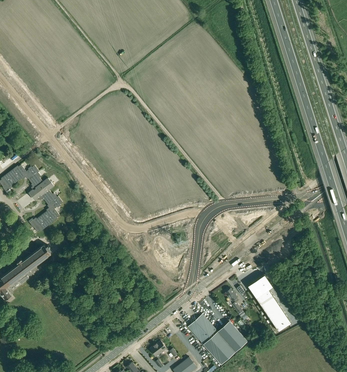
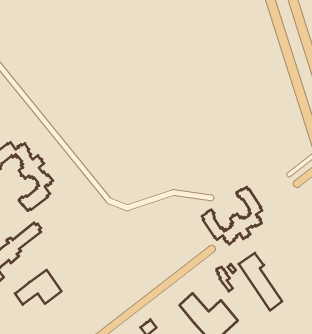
building: none -> [202,187,262,244]
building: none -> [15,270,61,305]

